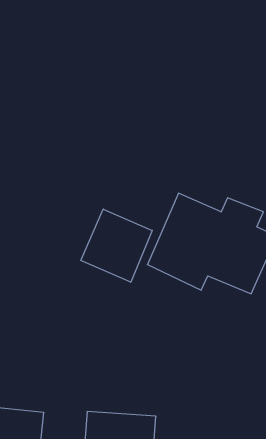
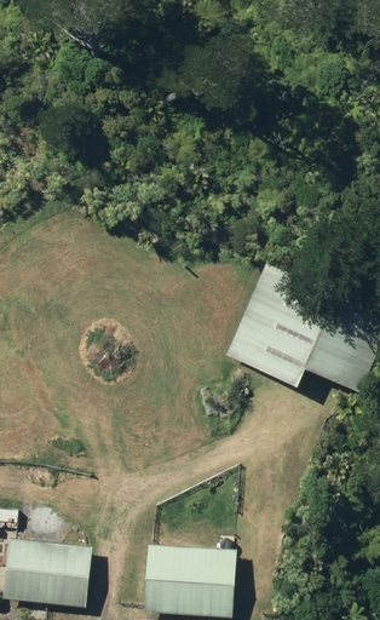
building: [81,209,152,282] -> none

